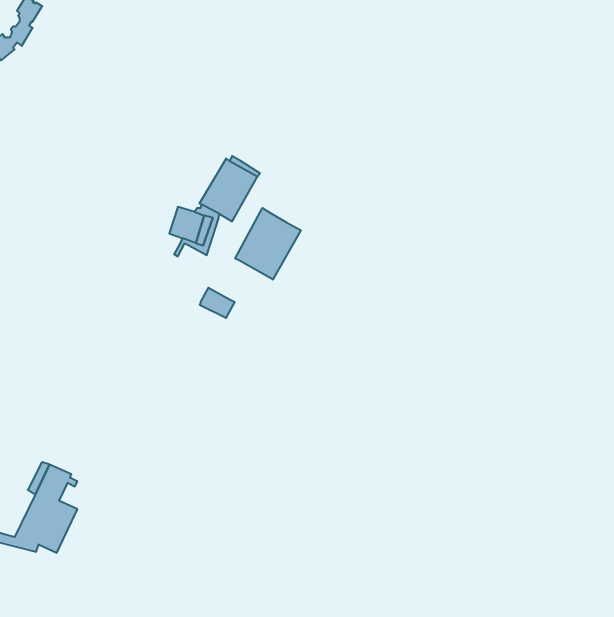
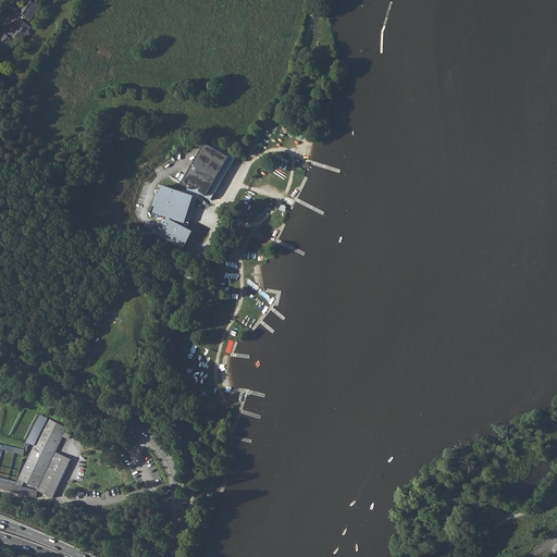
building: [235,208,301,280] -> none
building: [200,288,235,318] -> [159,219,190,246]

